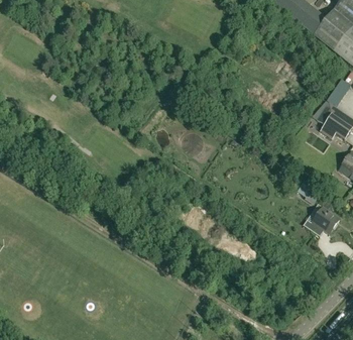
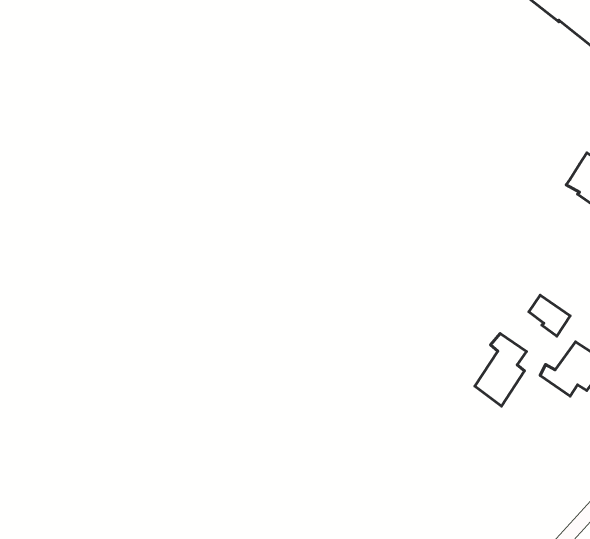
building: none -> [475,333,527,406]

